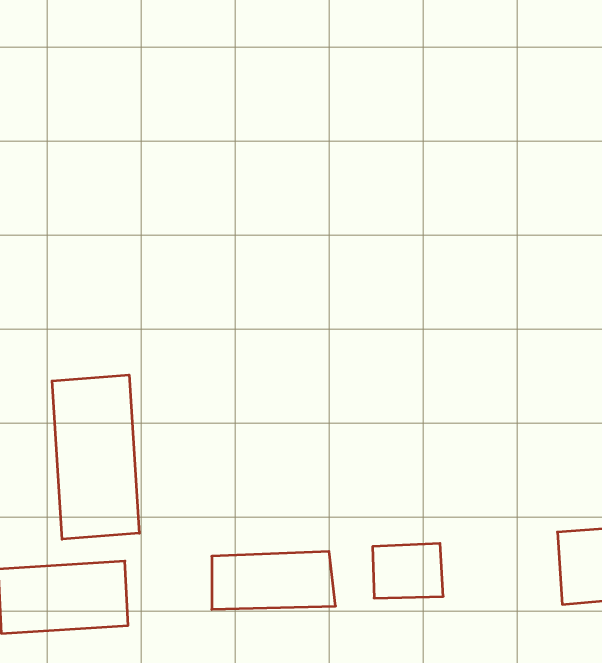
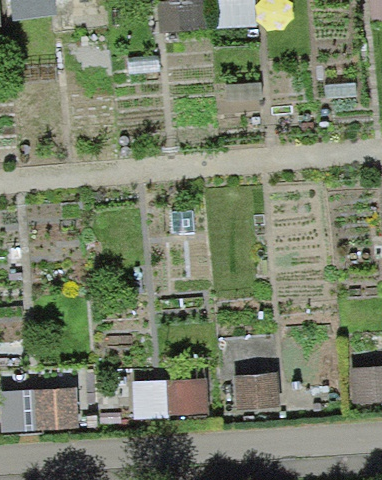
building: [52,375,139,539] -> none

